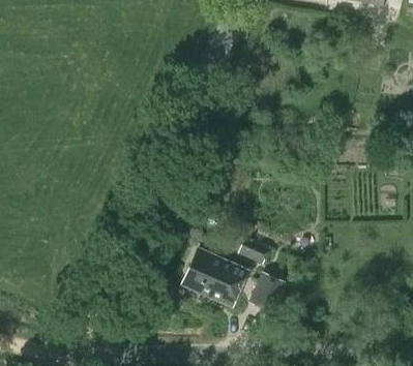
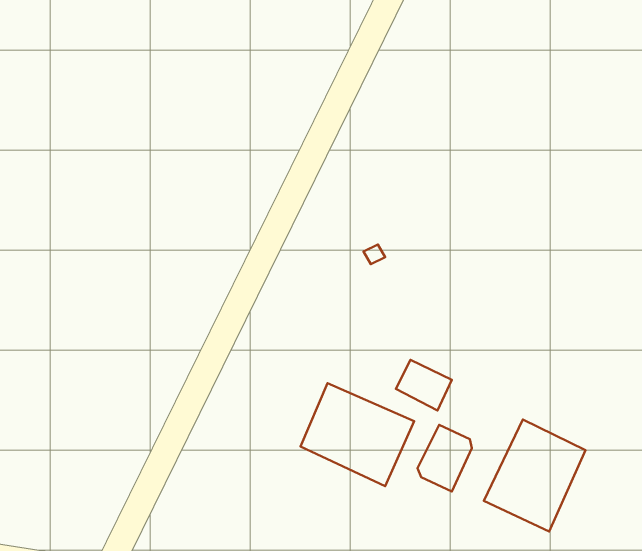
building: none -> [484,419,586,532]

